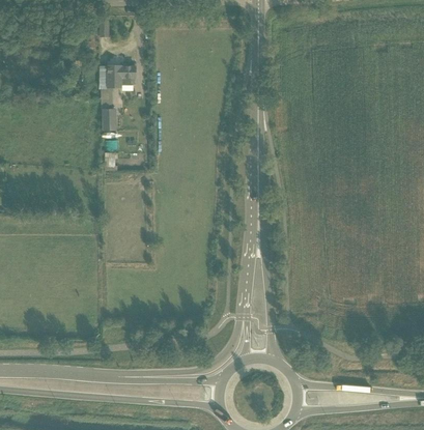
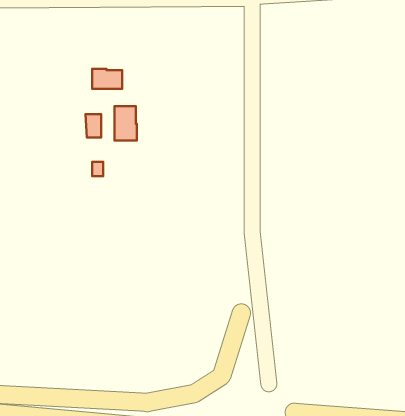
building: none -> [114,106,137,141]

